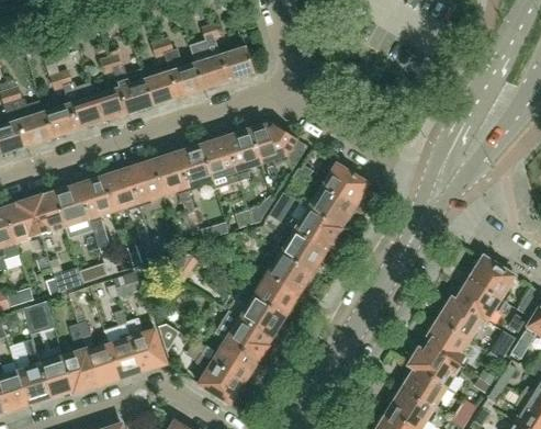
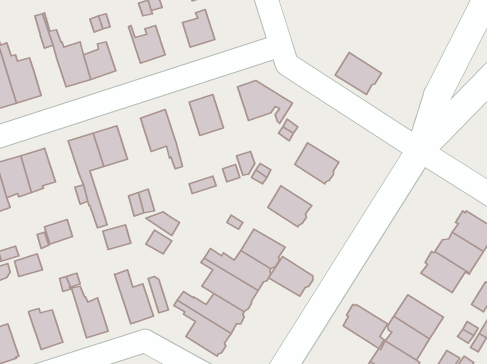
building: [218,47,255,81] -> none
building: [168,64,203,97] -> none
building: [117,68,153,113] -> none
building: [44,100,77,138] -> none
building: [226,129,262,171] -> none
building: [178,145,213,187] -> none
building: [128,161,164,203] -> none
building: [323,163,370,206] -> [335,53,381,95]
building: [55,184,90,226] -> none
building: [295,208,340,250] -> none
building: [268,252,313,293] -> [269,256,313,296]
building: [105,308,143,379] -> none
building: [425,319,470,364] -> [343,304,387,348]
building: [18,337,52,404] -> none
building: [63,349,98,393] -> none

